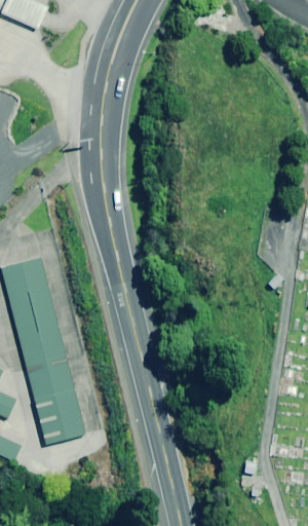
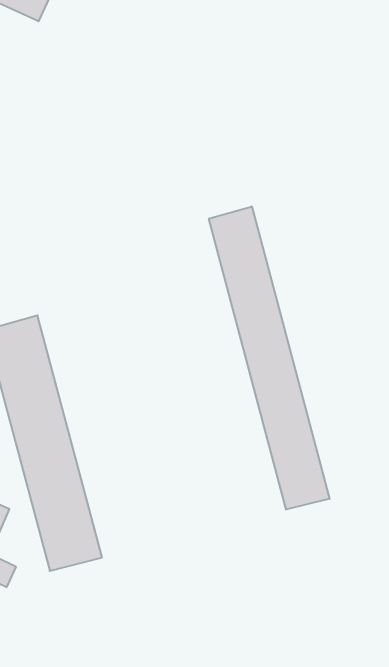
building: none -> [209,206,330,510]

